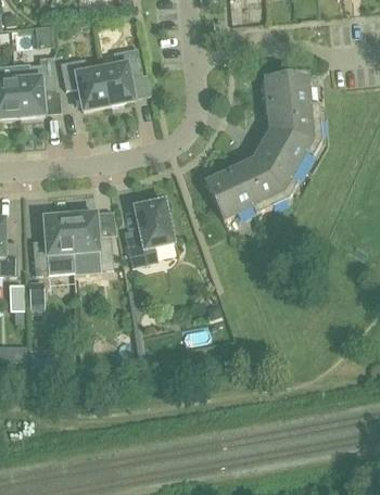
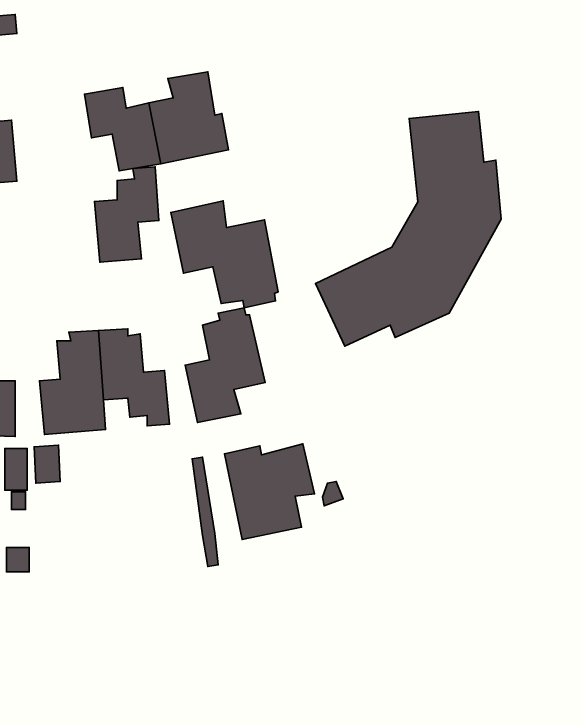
building: [14,56,54,116] -> [95,167,159,262]
building: none -> [171,201,278,308]
building: none -> [224,444,314,540]

